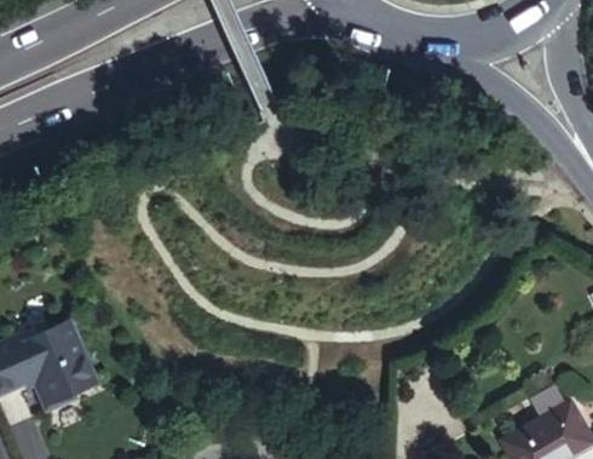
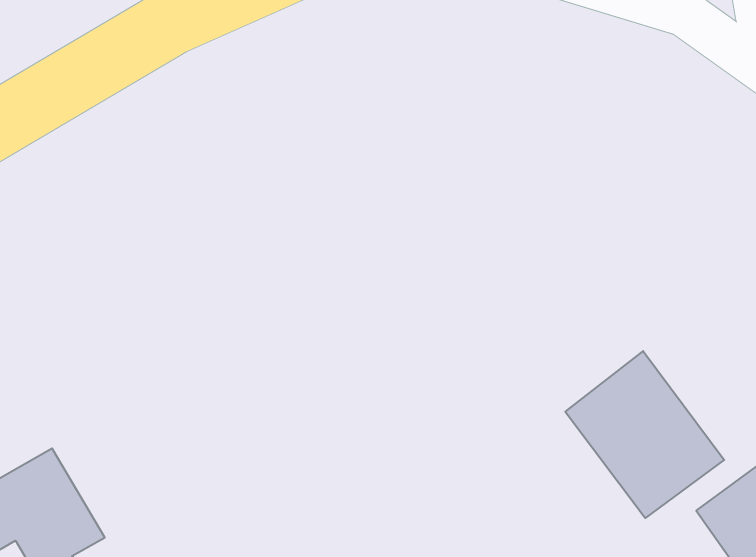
building: none -> [565,351,724,518]

